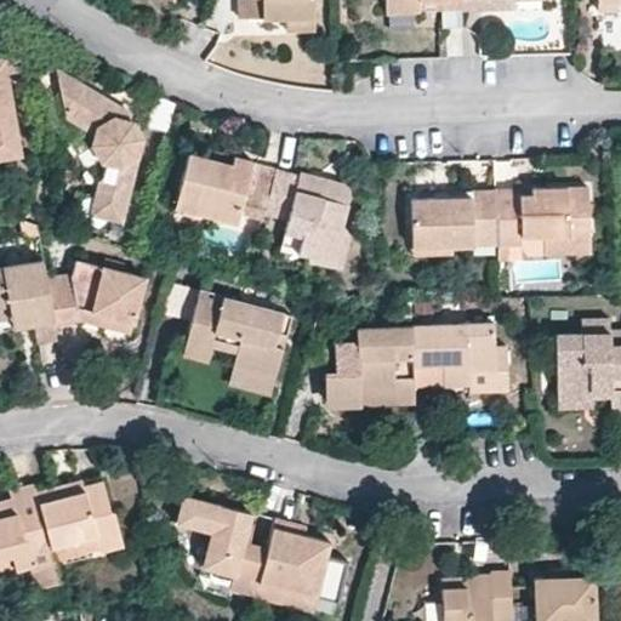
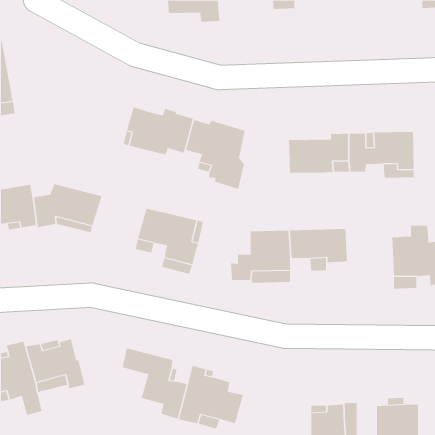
building: [63,79,142,217] -> none

